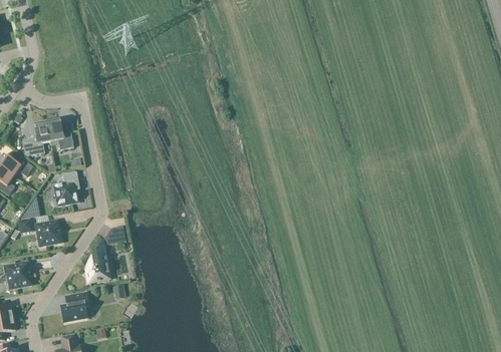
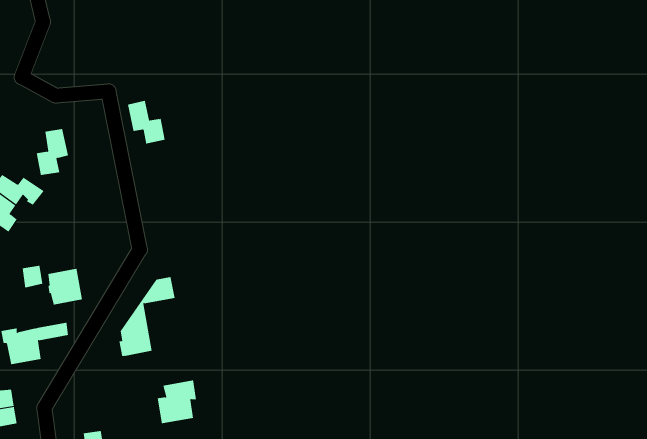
building: [46,117,73,148] -> [127,100,165,144]
building: [53,170,79,204] -> none
building: [60,290,88,321] -> [157,380,197,424]

